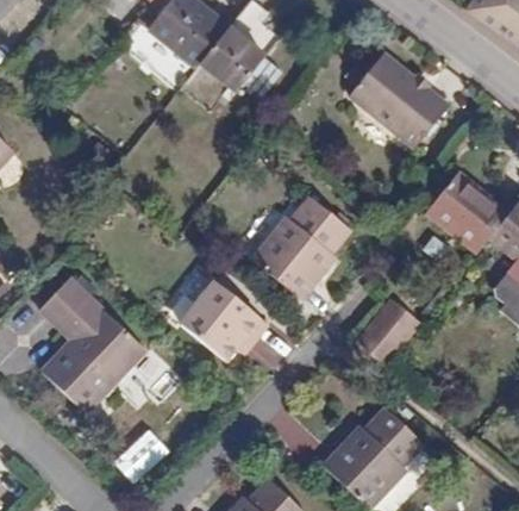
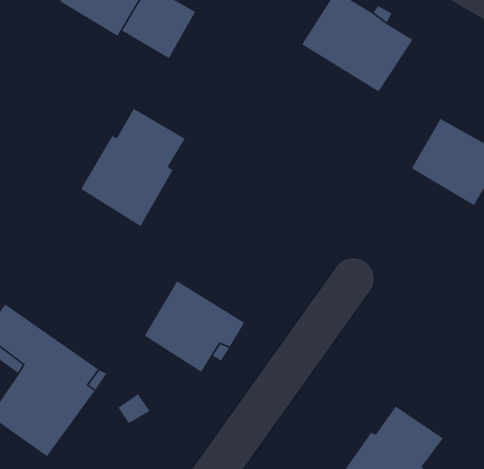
building: [254,197,349,298] -> [80,108,186,227]
building: [356,295,425,364] -> none

